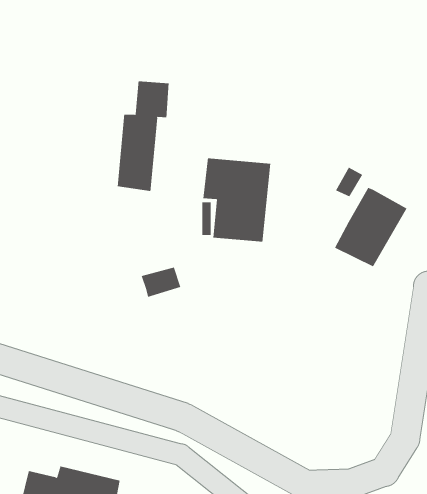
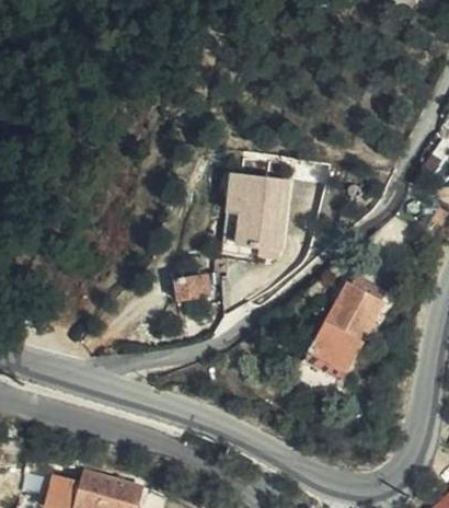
building: [117,80,169,192] -> none
building: [334,187,407,267] -> [311,286,382,363]

